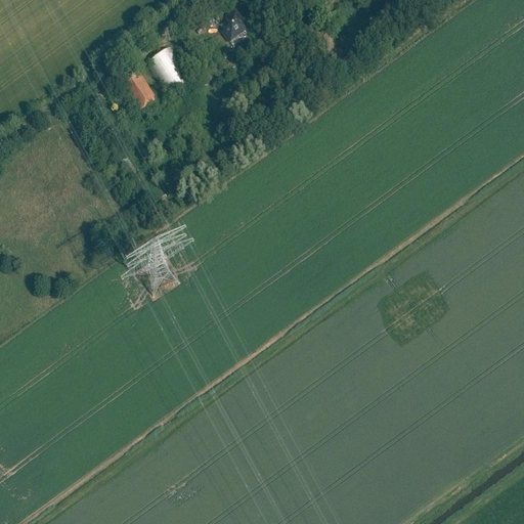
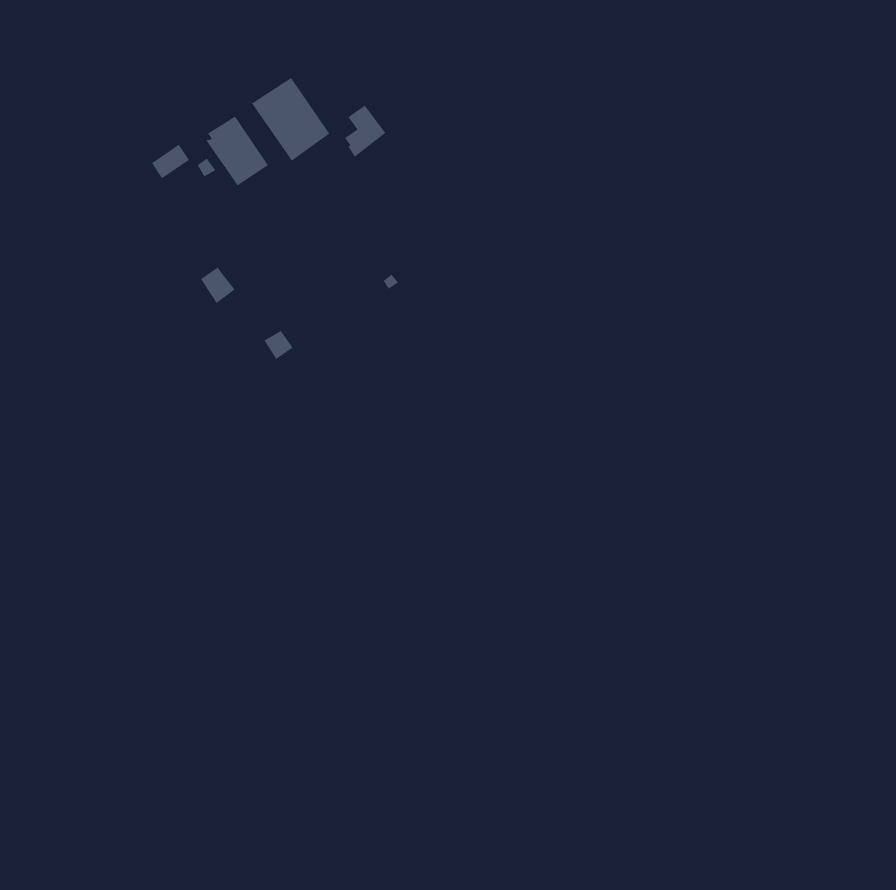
building: [222,9,247,40] -> [344,105,386,157]

